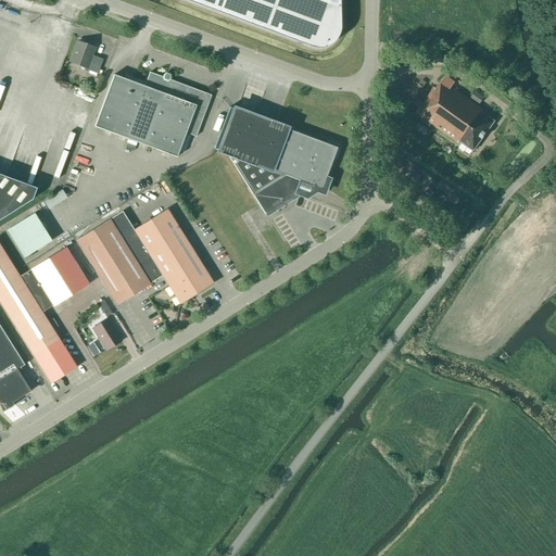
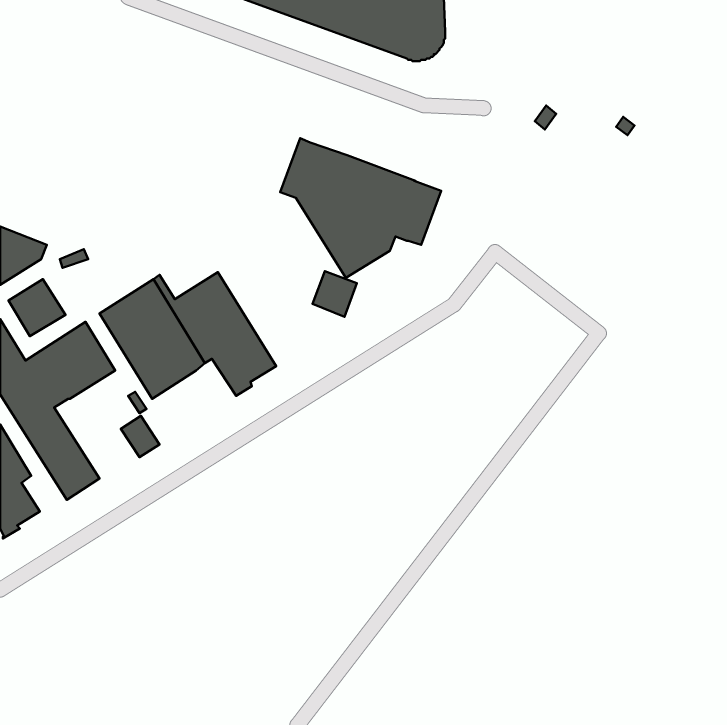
building: [70,39,103,73] -> none
building: [94,71,212,155] -> none
building: [416,74,495,149] -> none
building: none -> [312,271,357,317]

